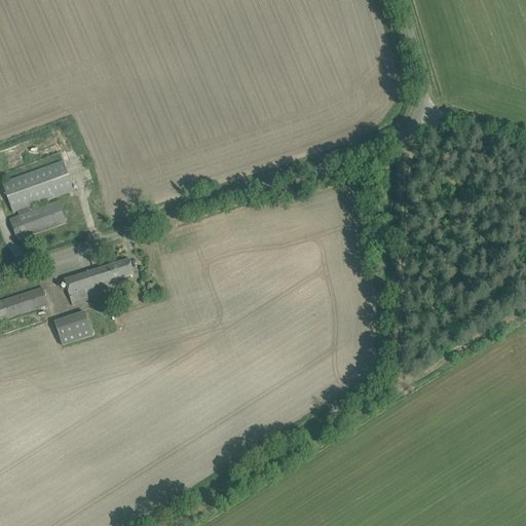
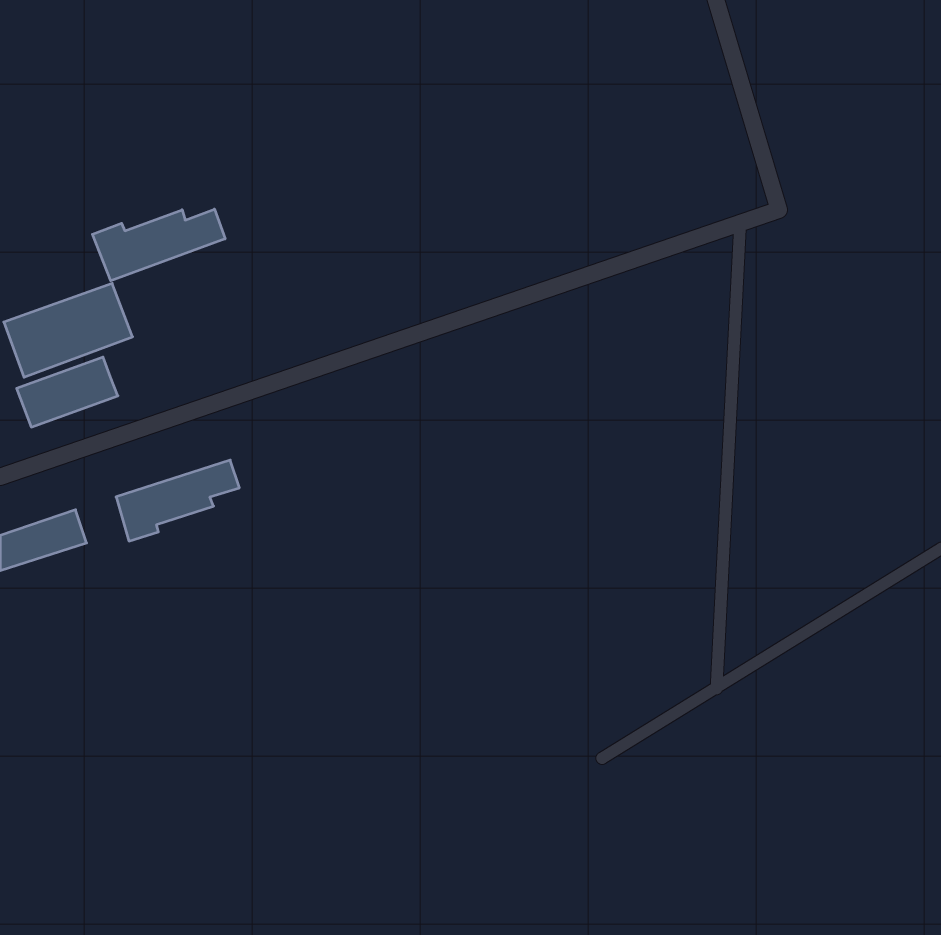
building: none -> [92,209,225,281]
building: [51,309,90,344] -> none

